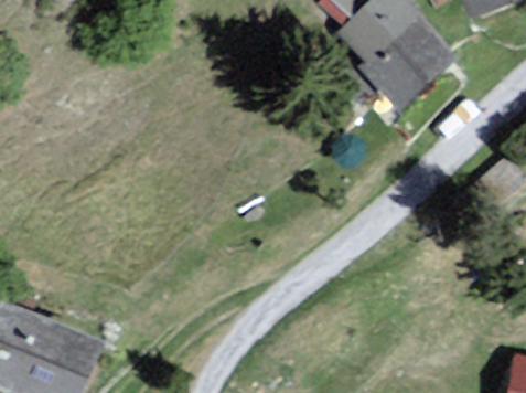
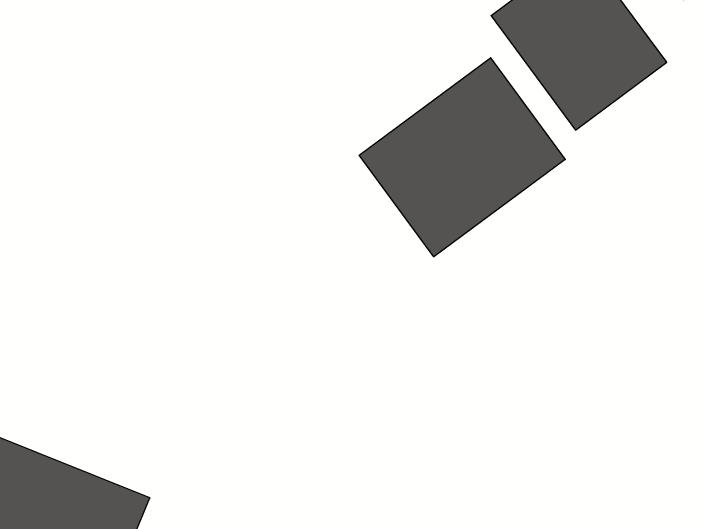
building: none -> [359,58,565,257]

